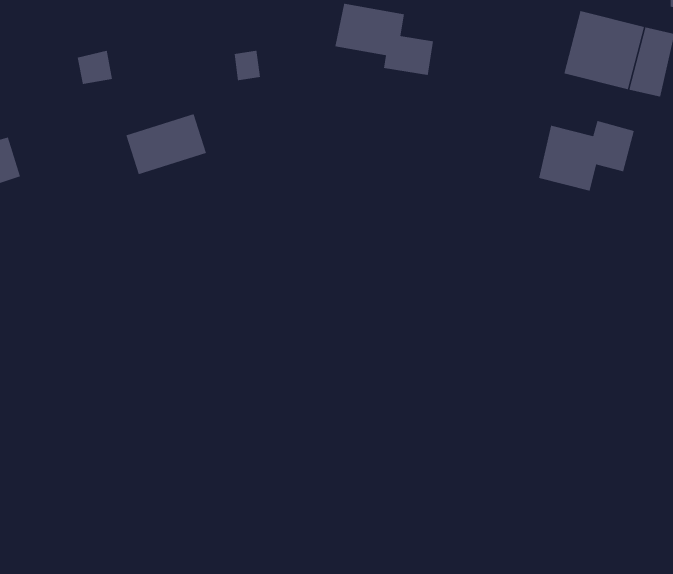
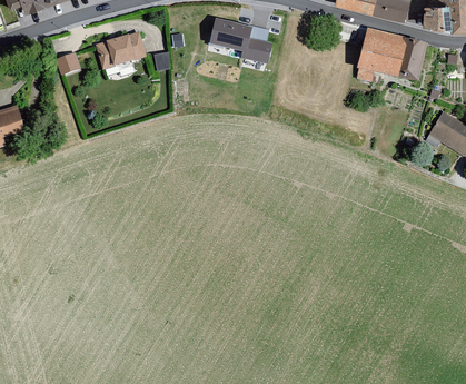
building: [126,114,207,175] -> [96,30,146,68]
building: [538,120,635,191] -> none

